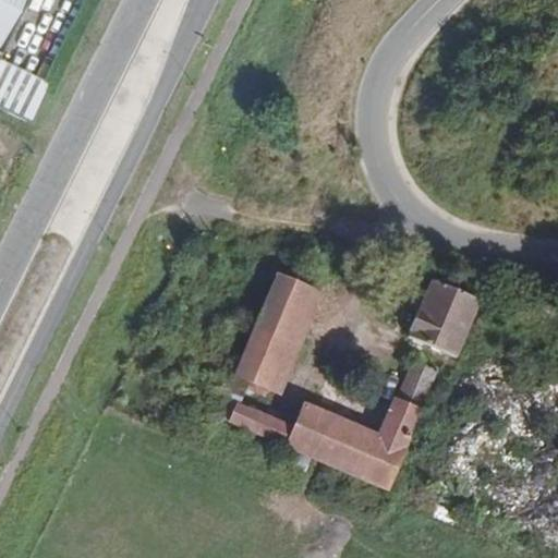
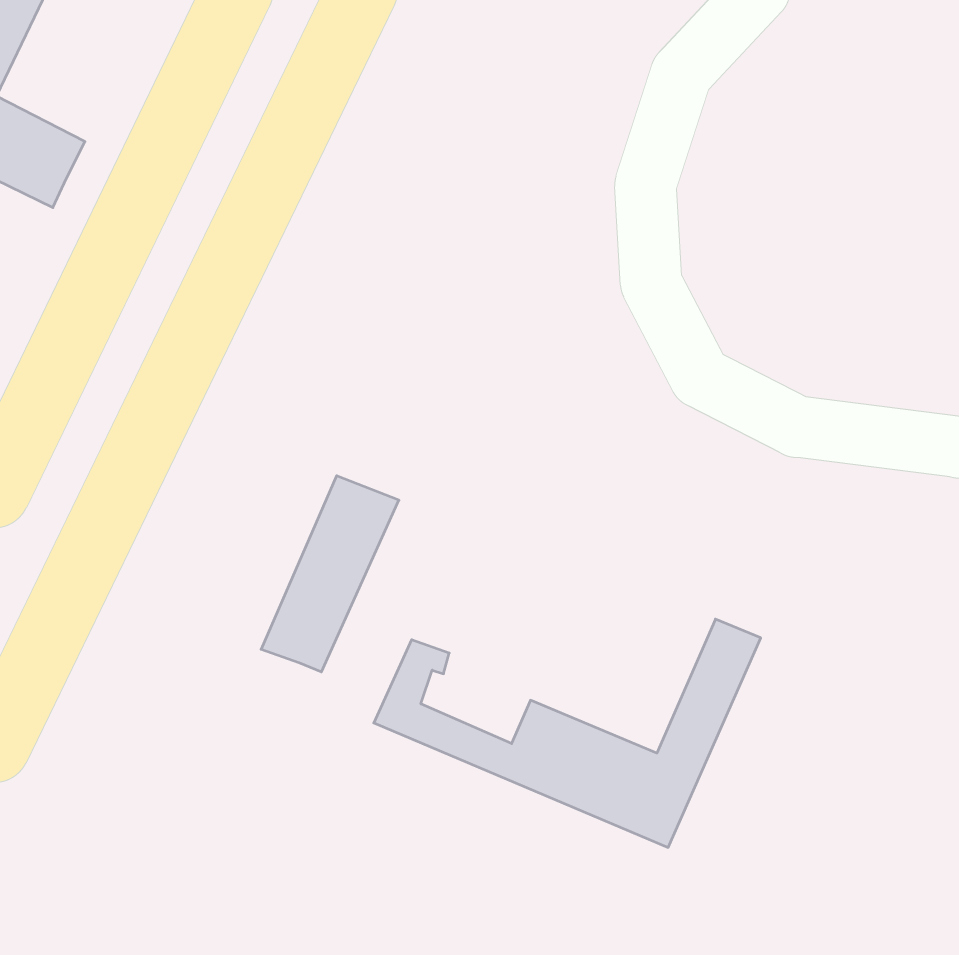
building: [238,269,317,383] -> [261,476,399,672]
building: [409,275,482,352] -> none

